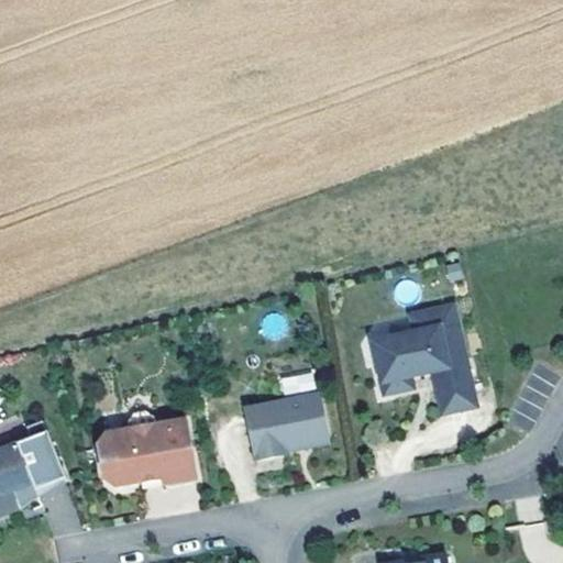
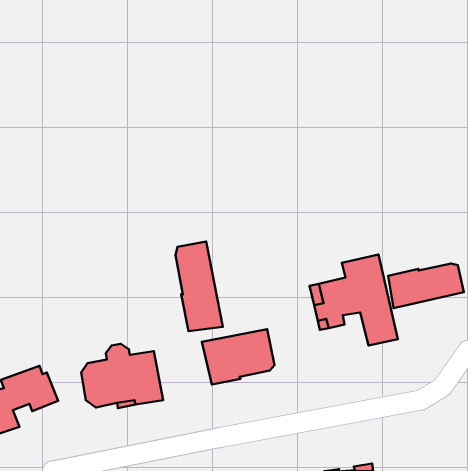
building: none -> [175,242,223,331]
building: none -> [388,263,464,308]

